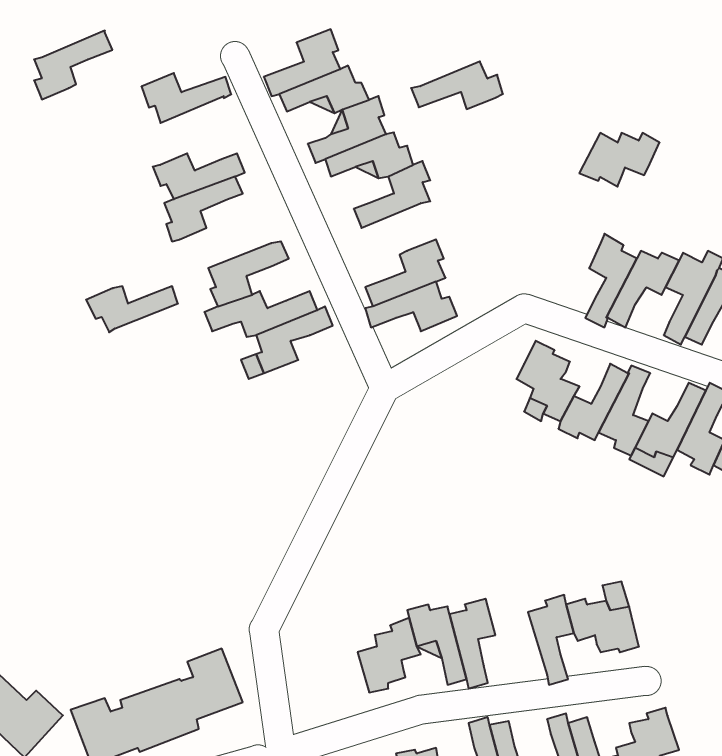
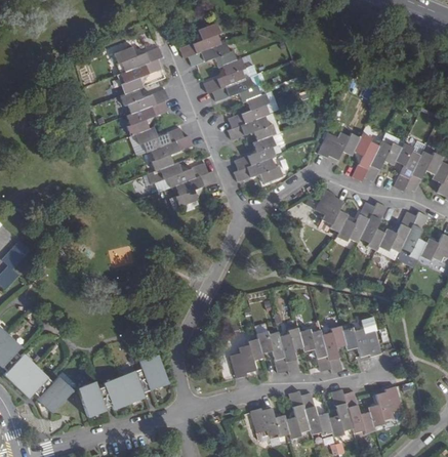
building: [34,31,112,99] -> [120,57,162,94]
building: [411,61,503,109] -> [227,115,276,140]
building: [579,133,660,187] -> [317,131,360,160]
building: [86,286,178,332] -> [134,127,184,152]
building: none -> [299,329,331,371]

